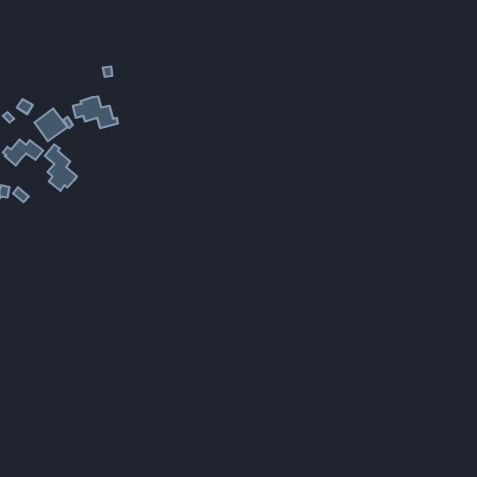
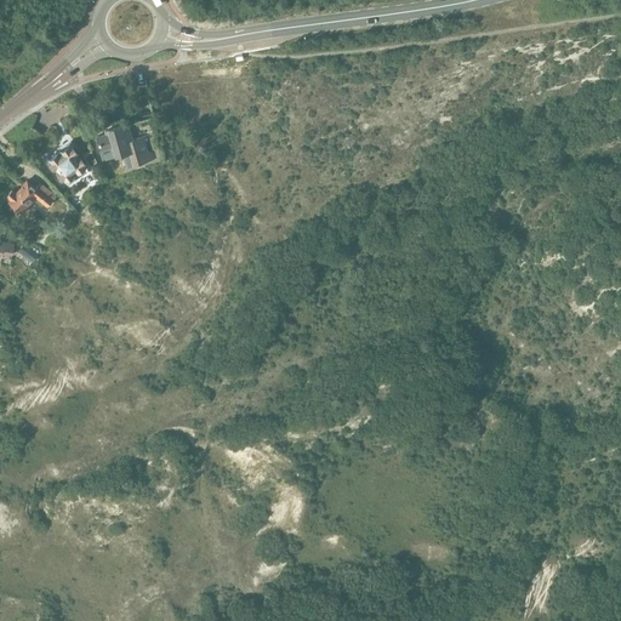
building: [45,144,77,191] -> none

